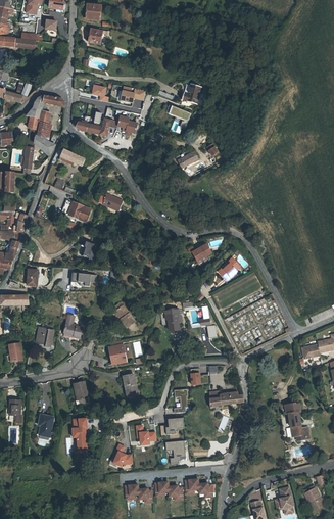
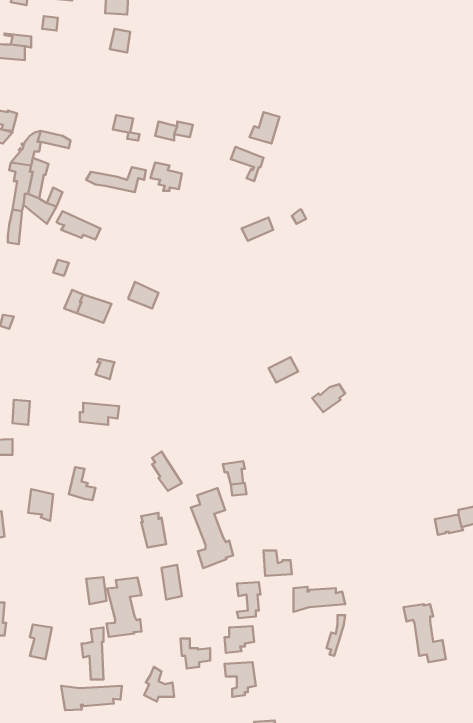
building: none -> [191,488,233,568]
building: none -> [107,577,142,637]
building: none -> [61,686,122,710]

